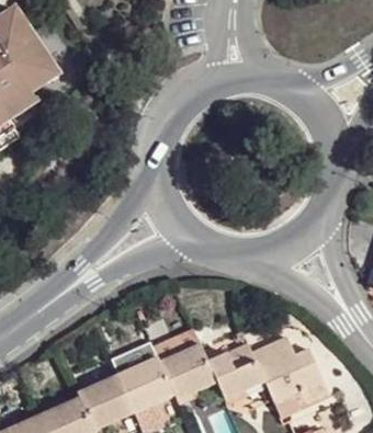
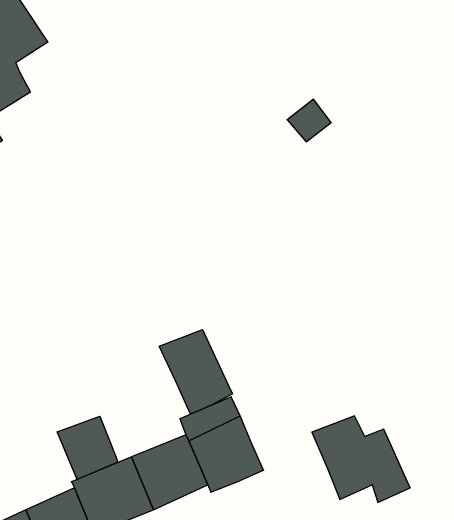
building: none -> [159,330,232,414]
building: none -> [57,416,118,480]
building: [207,347,264,399] -> none

